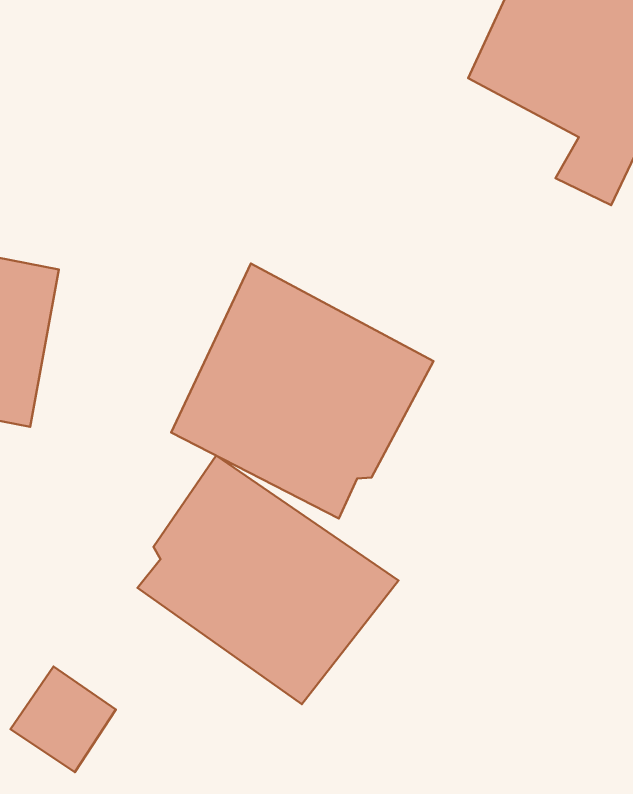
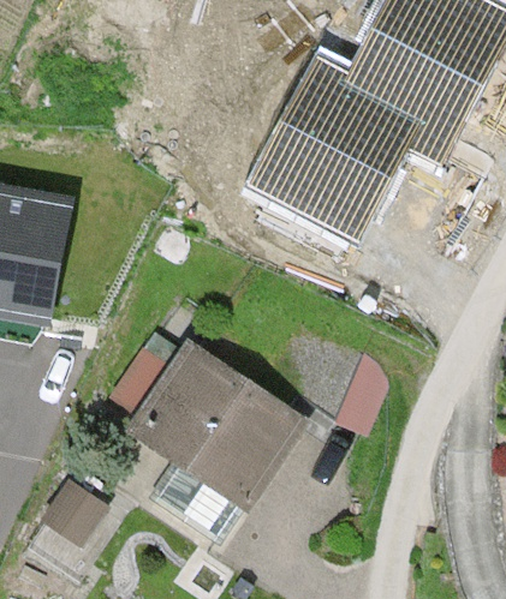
building: none -> [248,64,421,242]
building: [171,263,434,518] -> none

